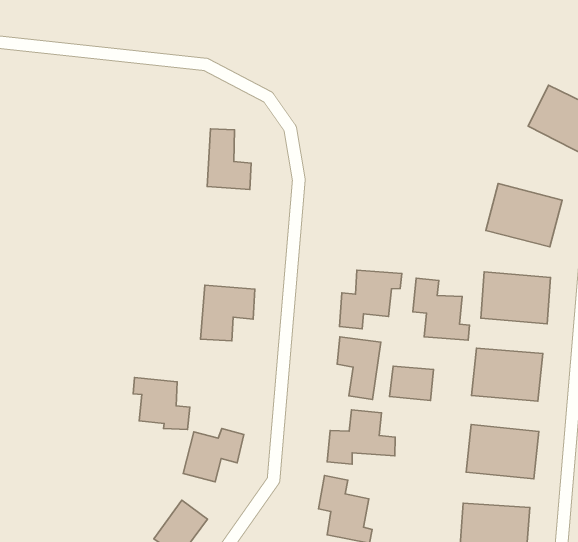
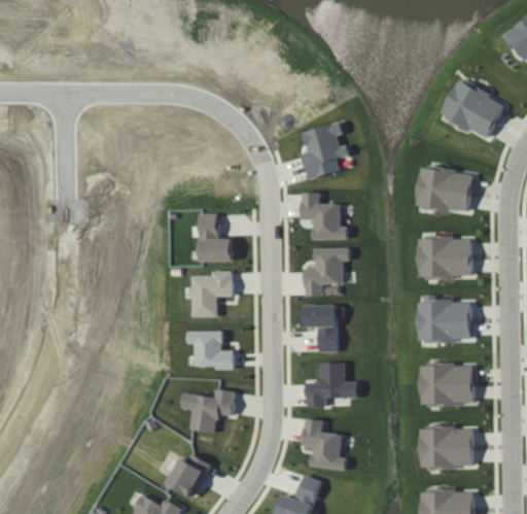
building: none -> [302,123,350,178]
building: [207,129,251,190] -> [198,213,235,262]
building: [413,278,470,340] -> [301,192,348,239]
building: [390,366,433,401] -> none
building: [133,377,190,430] -> [186,331,234,370]

